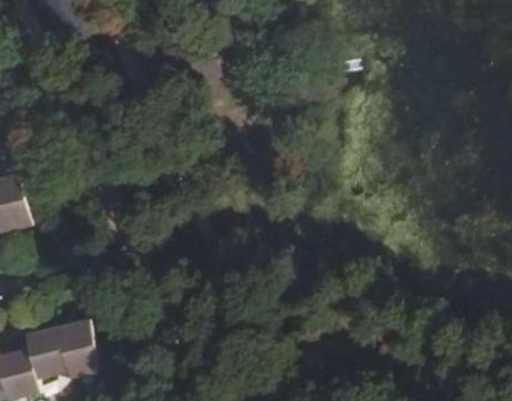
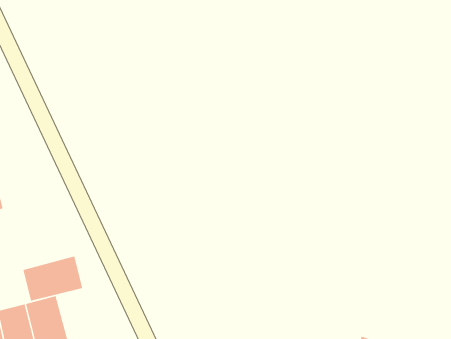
building: none -> [23,255,83,302]

